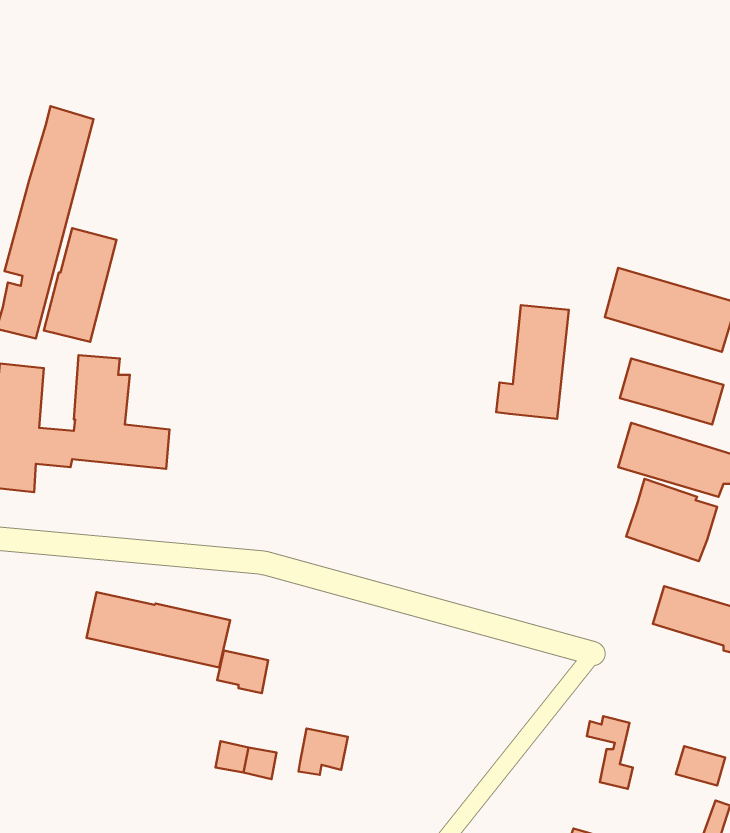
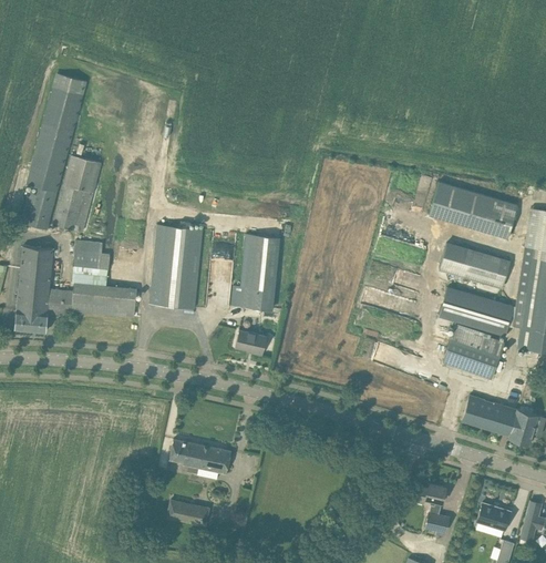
building: [496,305,569,419] -> [229,234,278,310]
building: none -> [150,225,202,308]
building: none -> [235,329,266,356]
building: [87,592,230,667] -> none
building: [298,729,348,775] -> [197,446,230,477]

